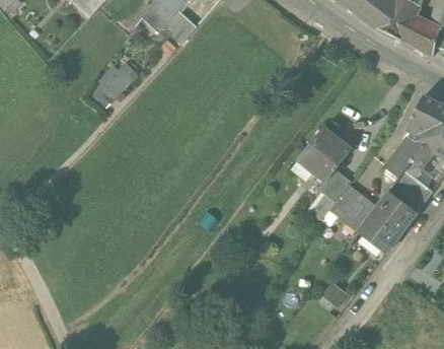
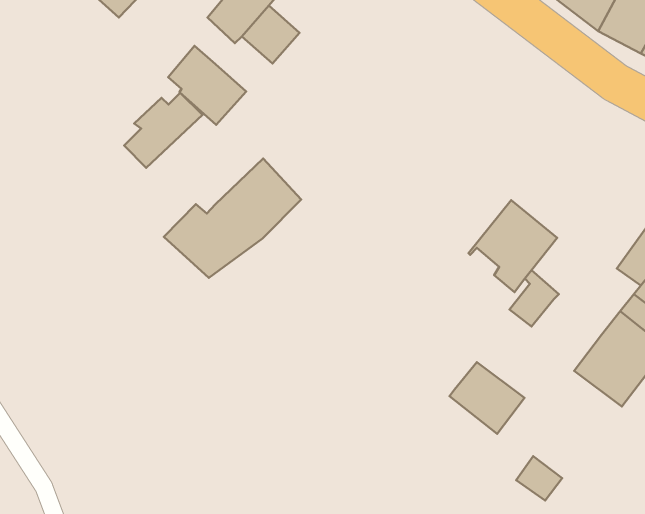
building: none -> [168,46,246,125]
building: none -> [164,159,301,278]
building: [332,185,377,227] -> [449,362,524,434]

